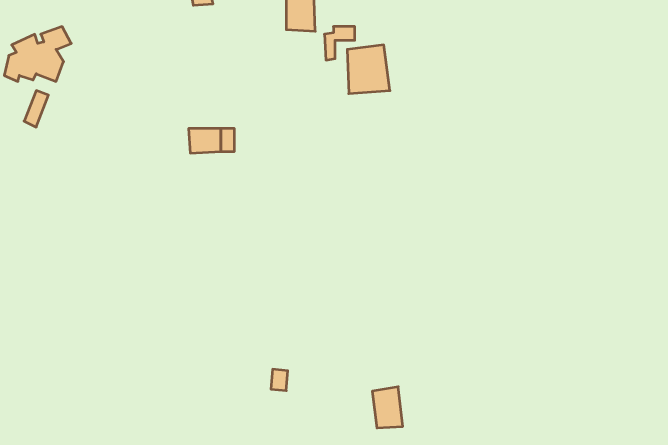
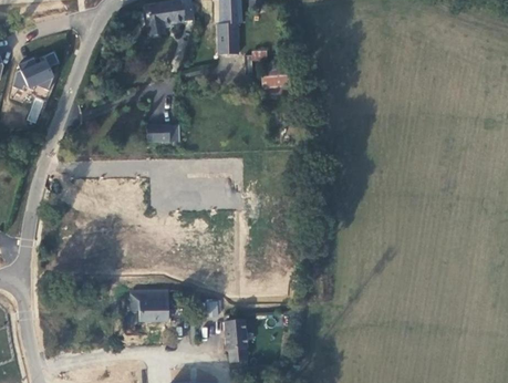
building: none -> [131,291,168,322]
building: [372,387,403,428] -> [225,320,247,350]

